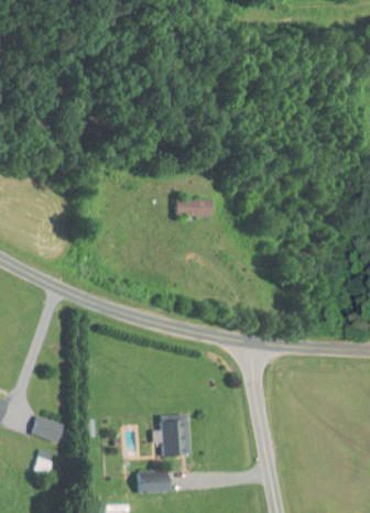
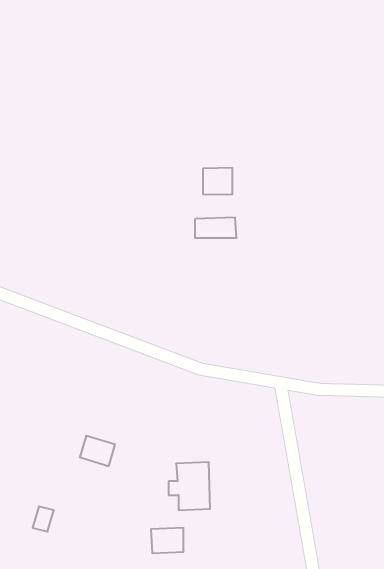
building: none -> [203,168,232,195]
building: [31,416,62,443] -> [80,436,115,466]

